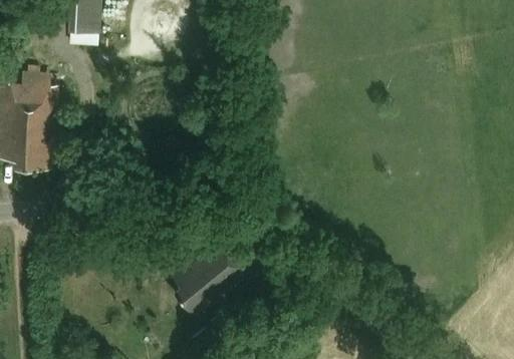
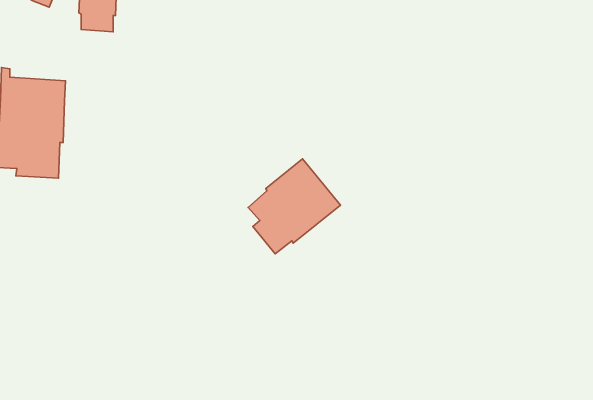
building: [169,236,247,316] -> [248,159,341,254]

